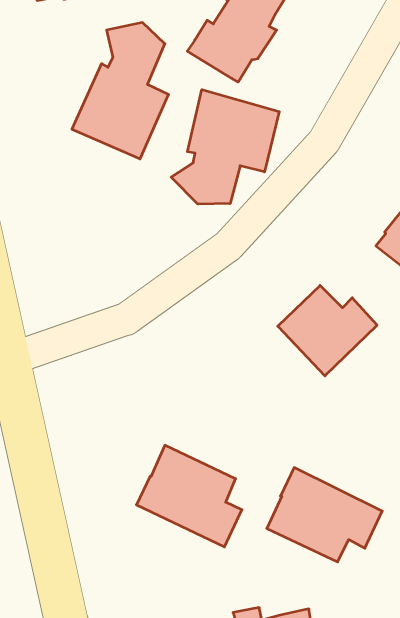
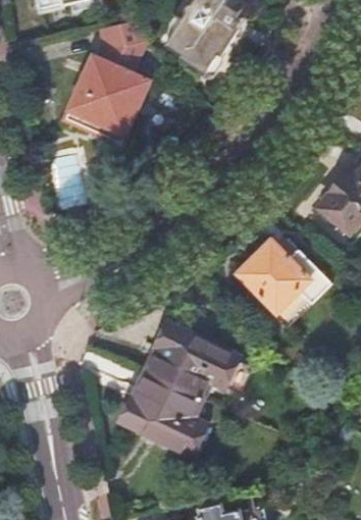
building: [171,90,279,204] -> none
building: [267,468,382,562] -> [144,322,239,400]

